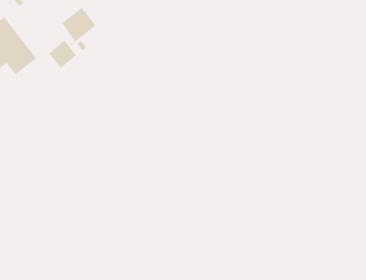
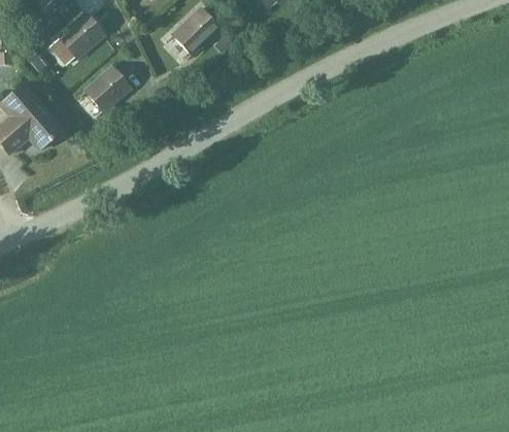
building: [45,36,77,69] -> none

